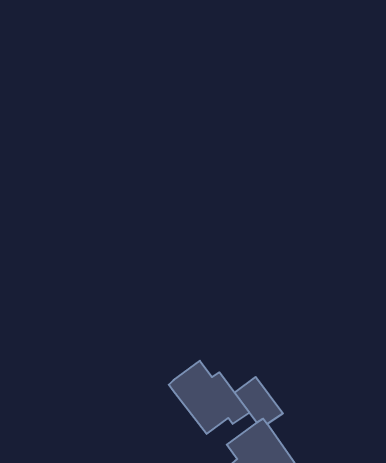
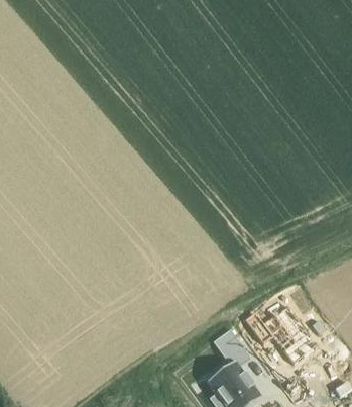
building: [169,361,249,434] -> none

